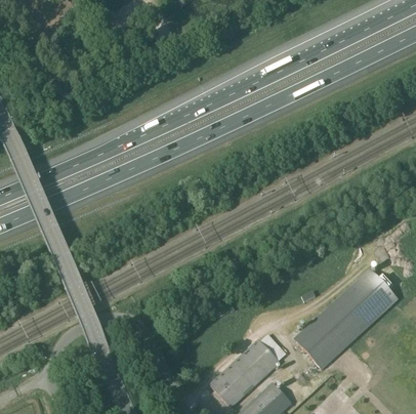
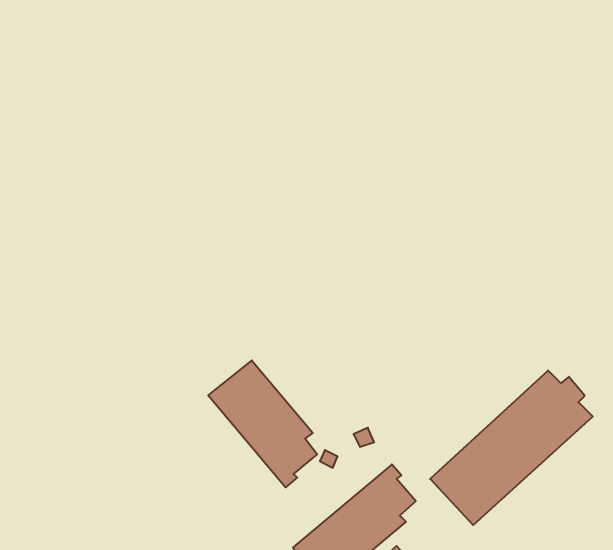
building: none -> [208,360,317,487]

